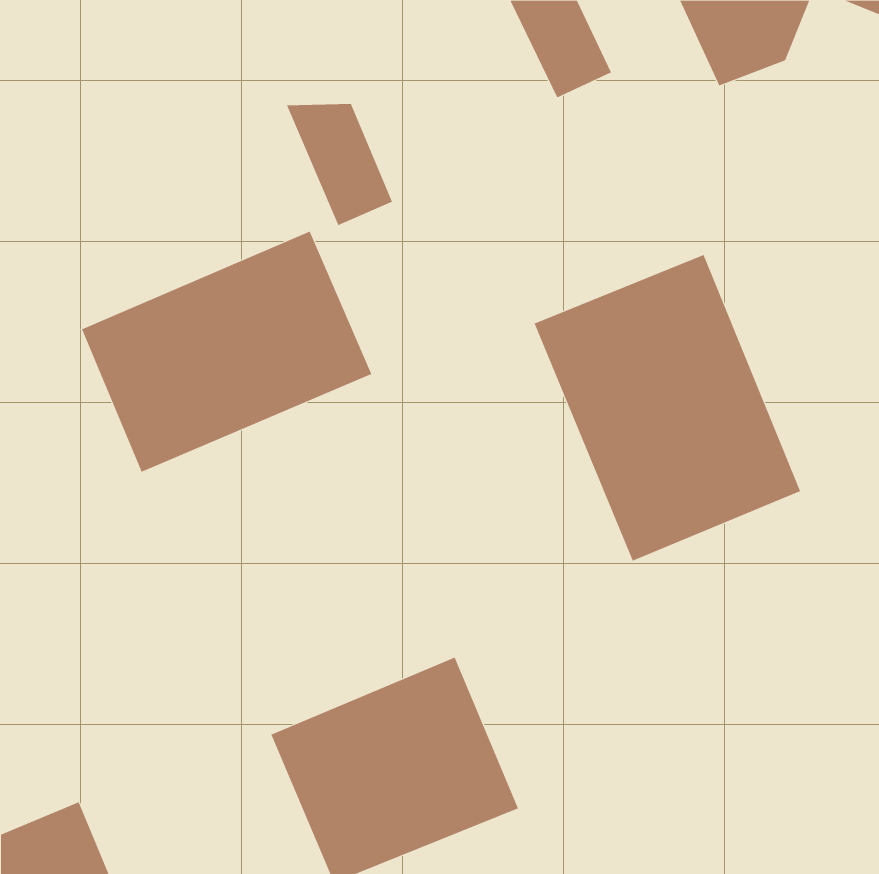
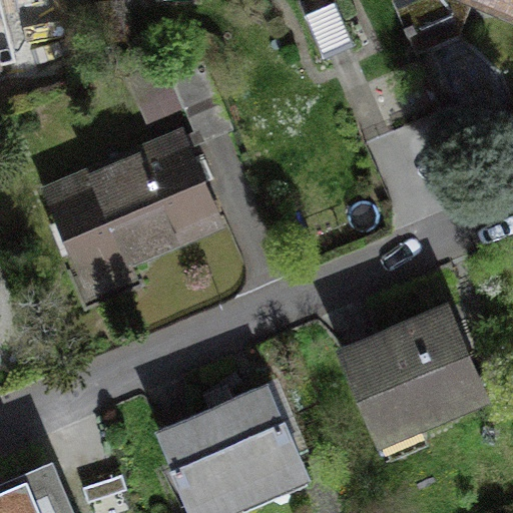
building: [534,254,801,562] -> none
building: none -> [343,311,482,459]

